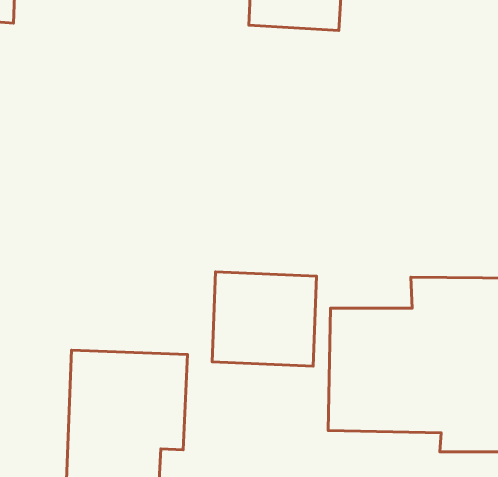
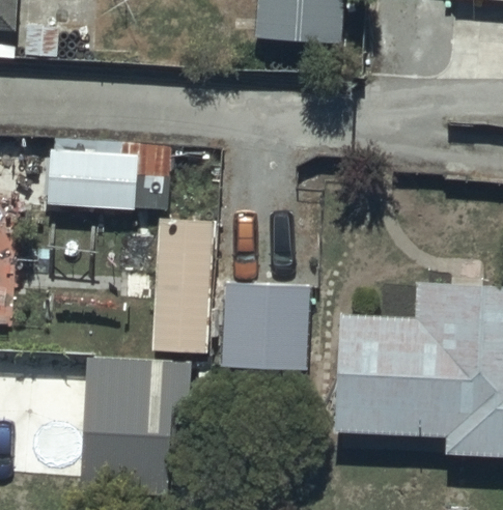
building: none -> [47,139,176,225]
building: none -> [149,220,217,353]

